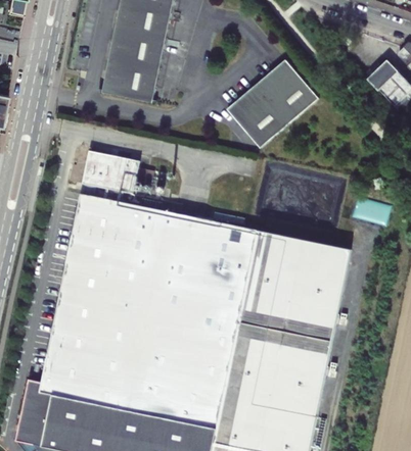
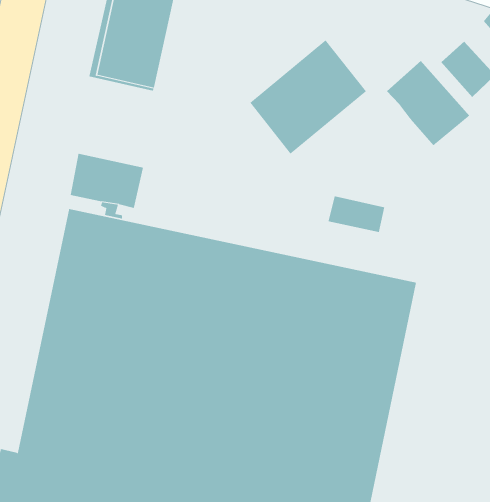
building: none -> [386,60,470,146]
building: none -> [328,195,385,233]

